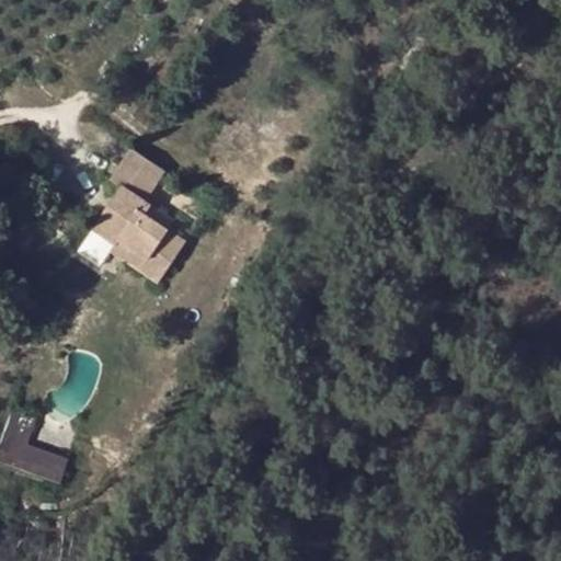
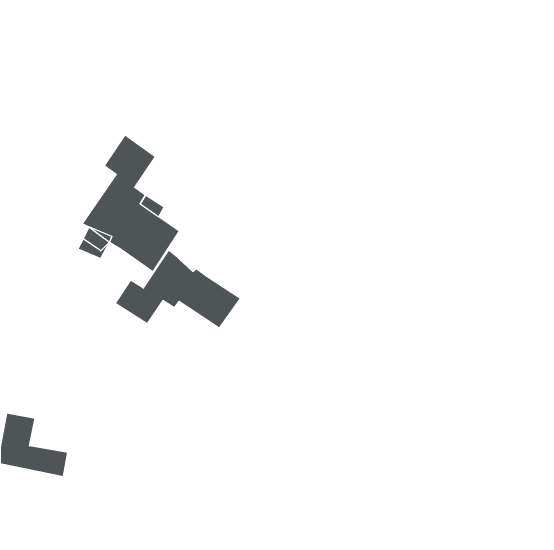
building: none -> [115,250,241,328]

